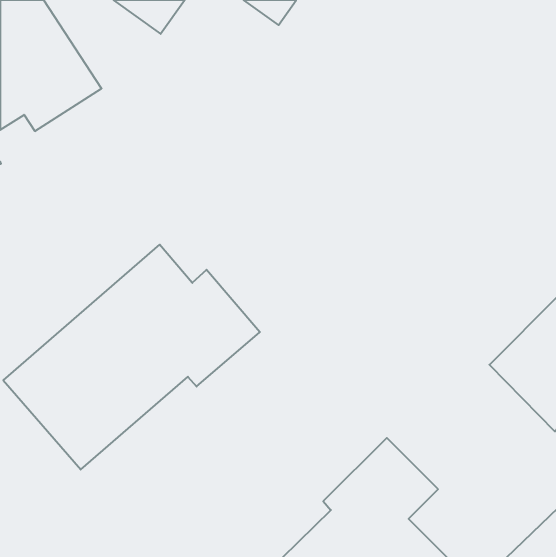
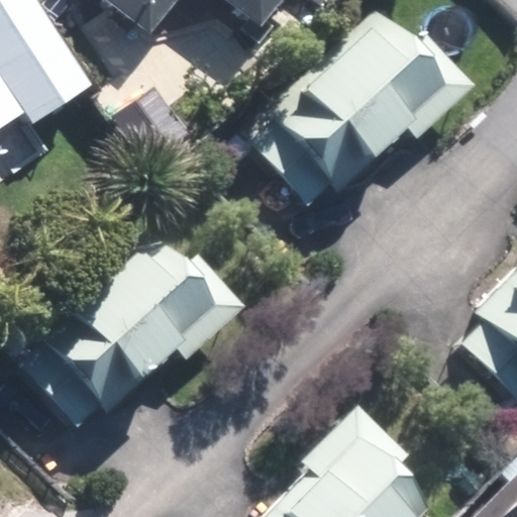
building: none -> [252,8,476,205]

